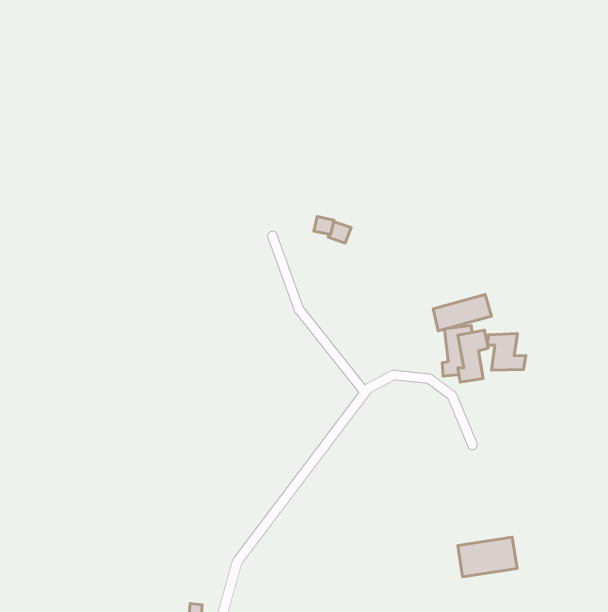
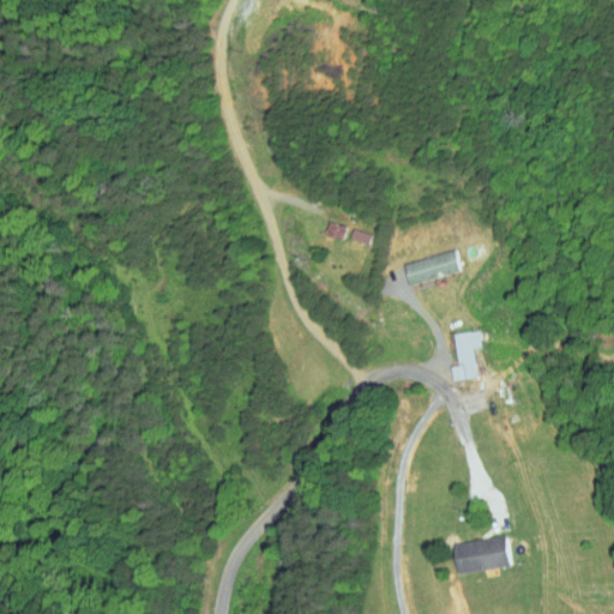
building: [433,294,491,331] -> [399,248,457,284]
building: [487,333,526,370] -> none

